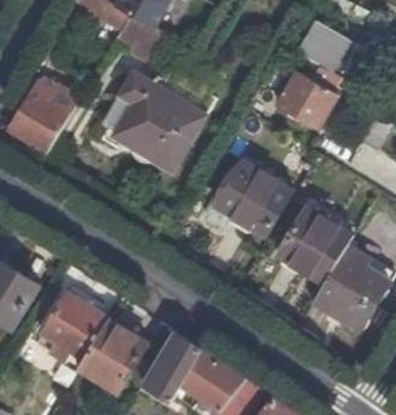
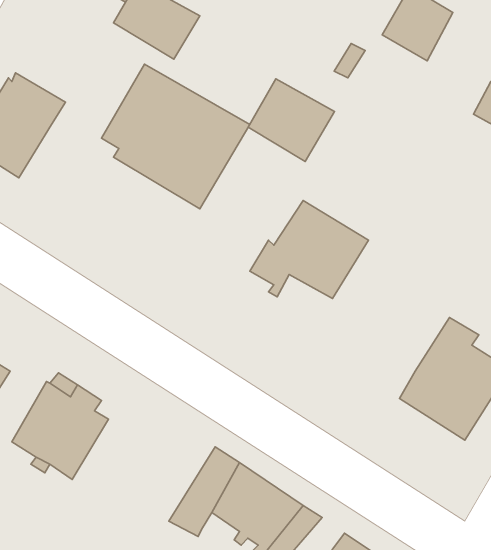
building: [278,68,337,126] -> [248,79,334,162]
building: [276,210,352,285] -> none
building: [79,318,148,391] -> none

